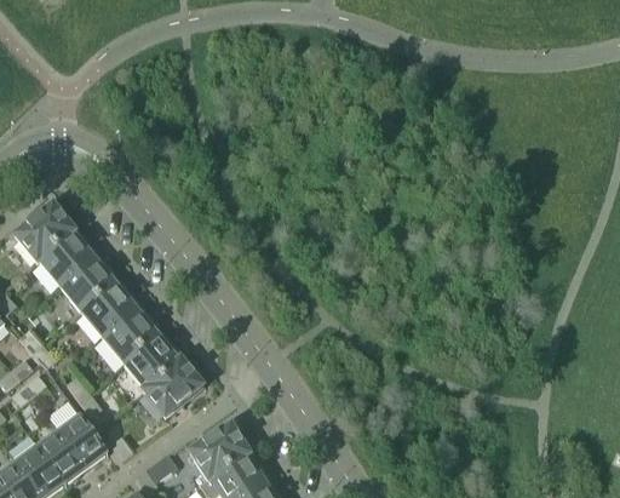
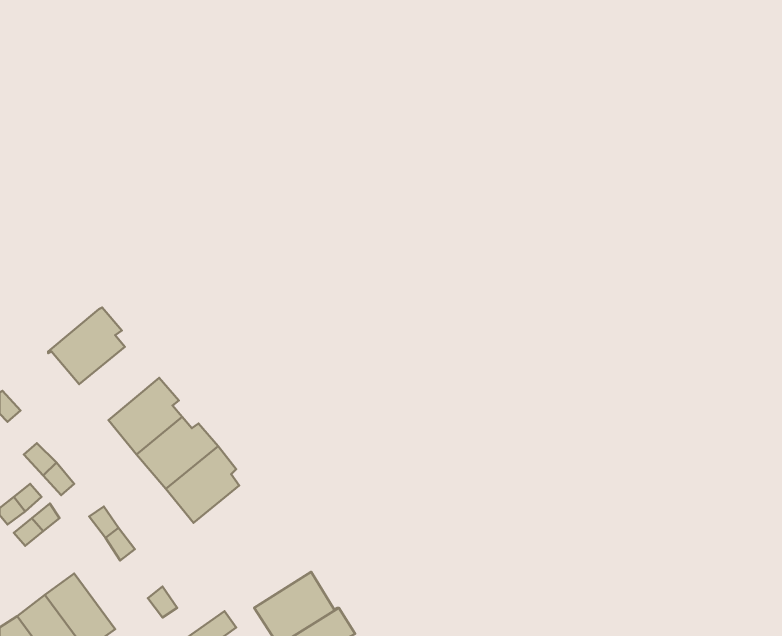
building: [15,205,74,262] -> none
building: [59,258,119,313] -> none
building: [142,359,202,418] -> none
building: [56,411,108,468] -> none

